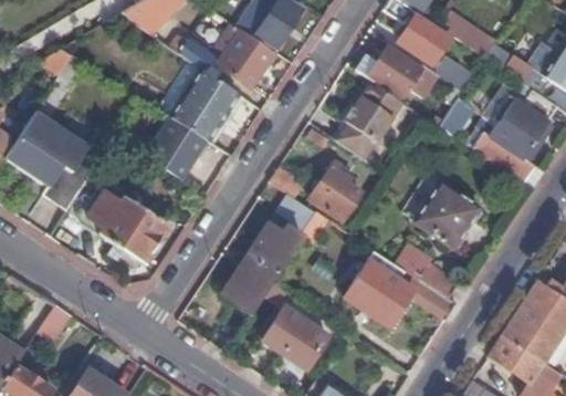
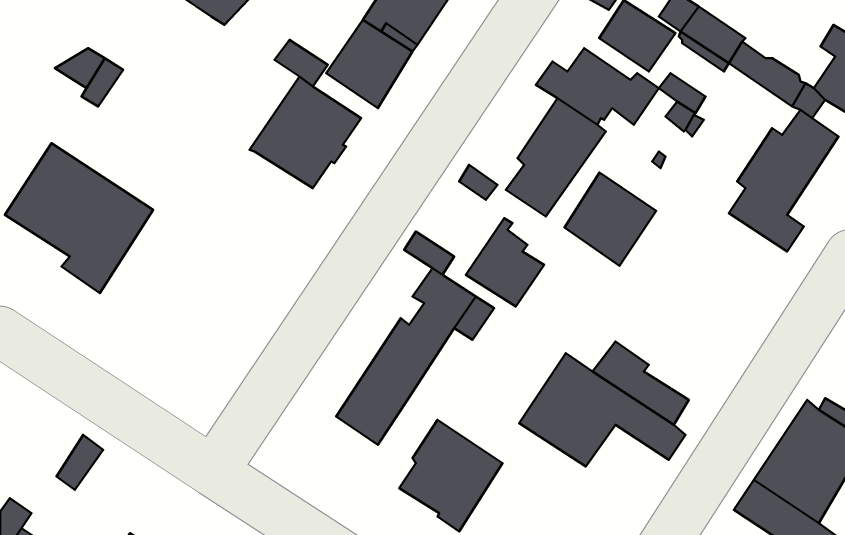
building: [144,116,209,180] -> none
building: [417,184,478,246] -> [565,173,656,266]
building: [87,191,169,263] -> none

